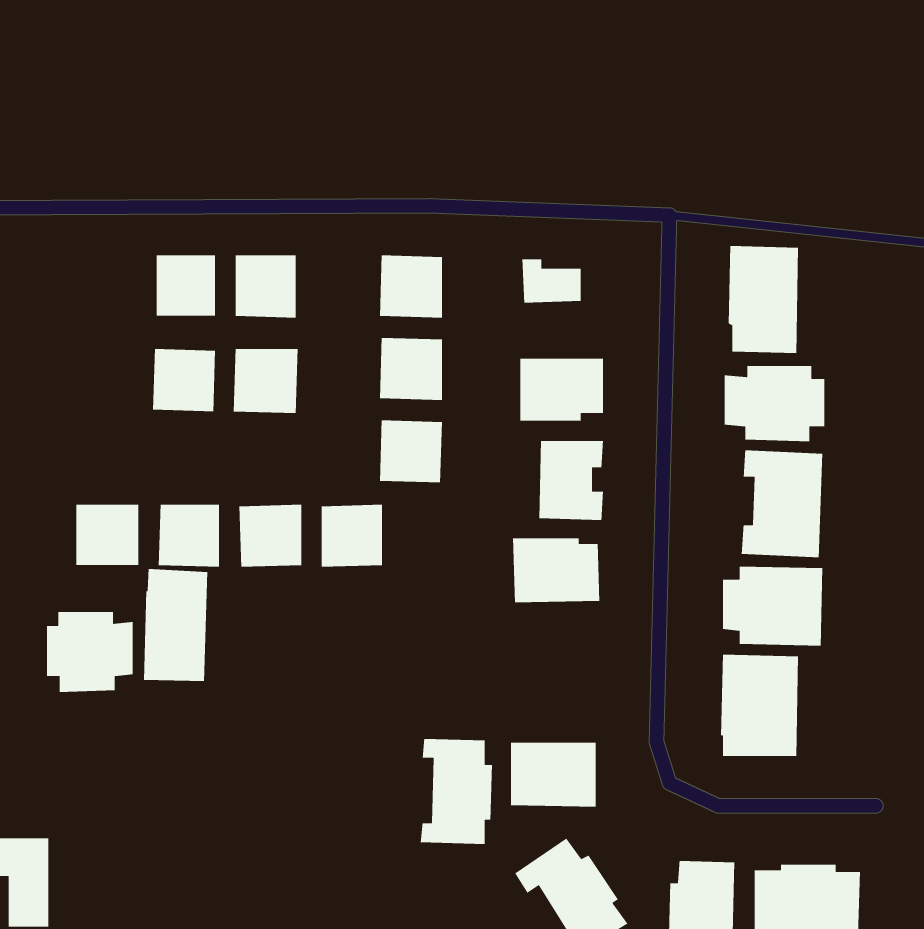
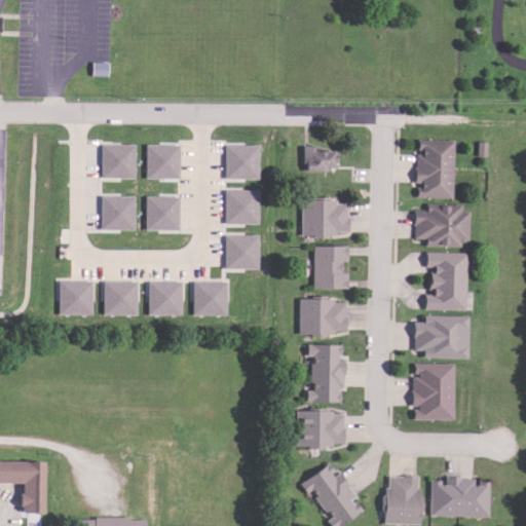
building: [143,568,208,682] -> none
building: [46,611,133,693] -> none
building: [420,738,493,845] -> [306,344,346,403]

